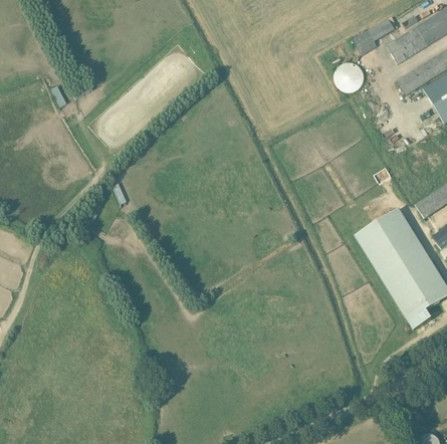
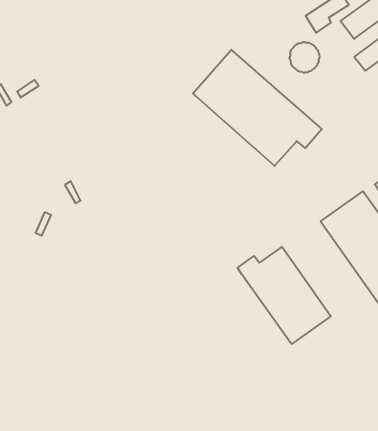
building: none -> [193,50,322,166]
building: none -> [237,247,331,344]

